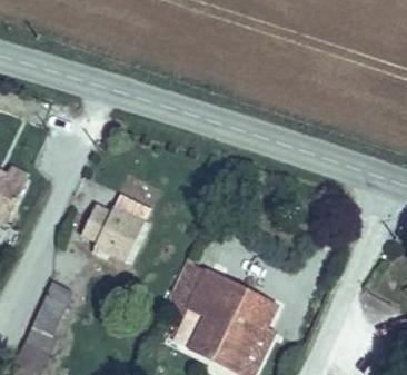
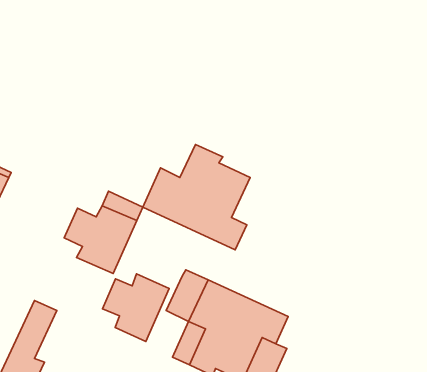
building: none -> [143,145,250,250]
building: none -> [103,274,169,342]

